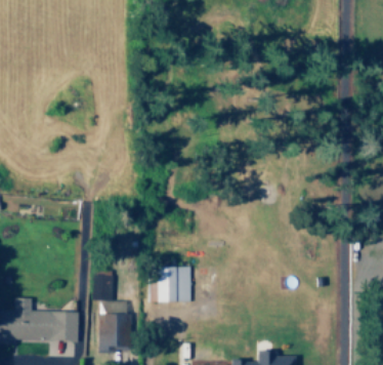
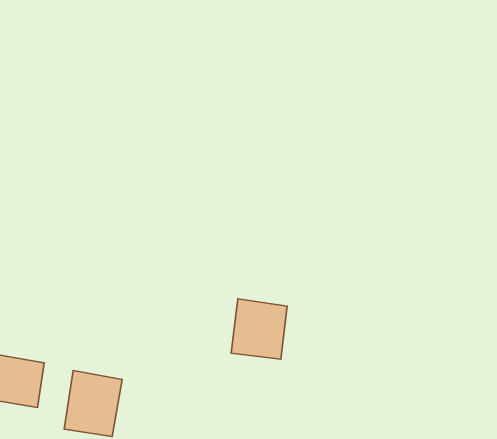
building: [158,266,192,301] -> [231,299,287,359]

